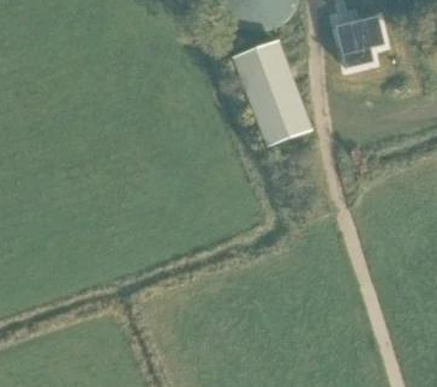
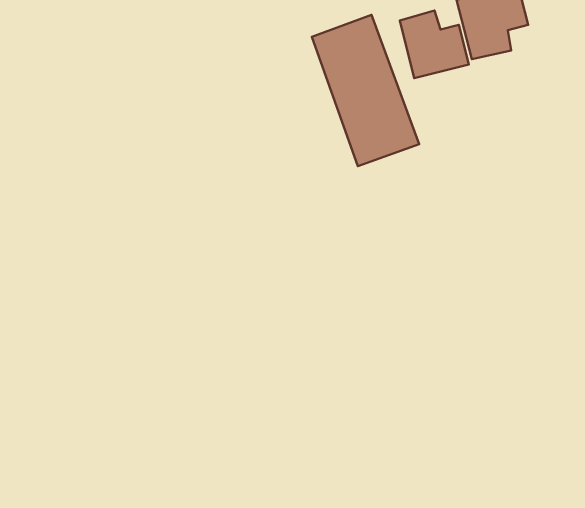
building: none -> [400,11,469,78]

